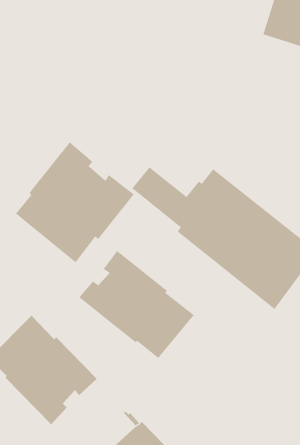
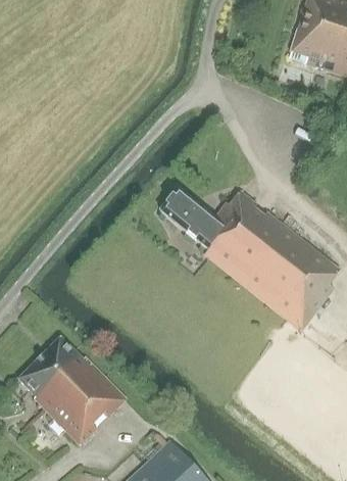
building: [15,142,134,263] -> none
building: [78,250,194,359] -> none

